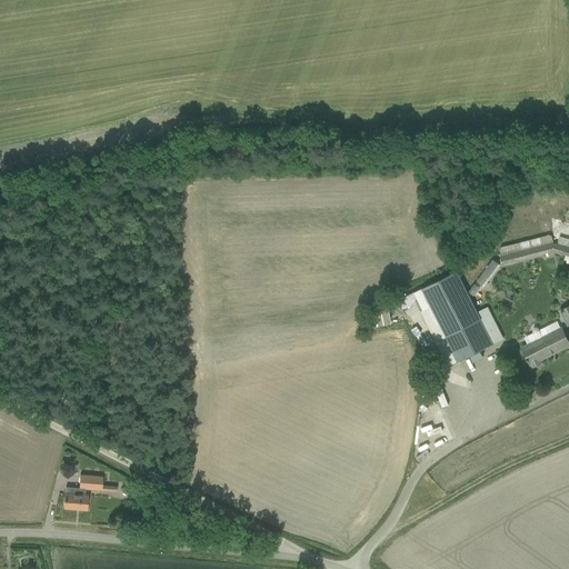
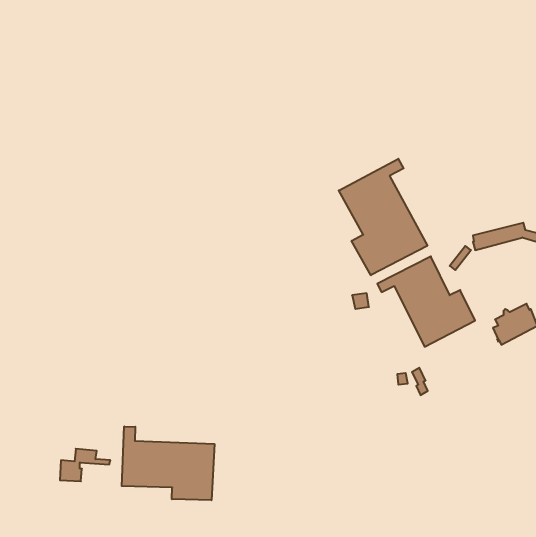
building: none -> [339,159,427,275]
building: none -> [122,426,214,500]

